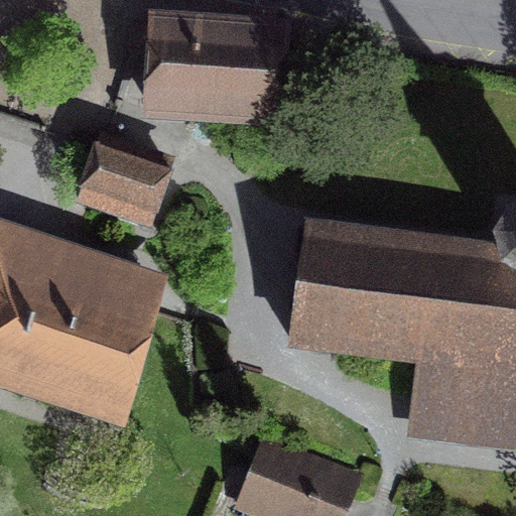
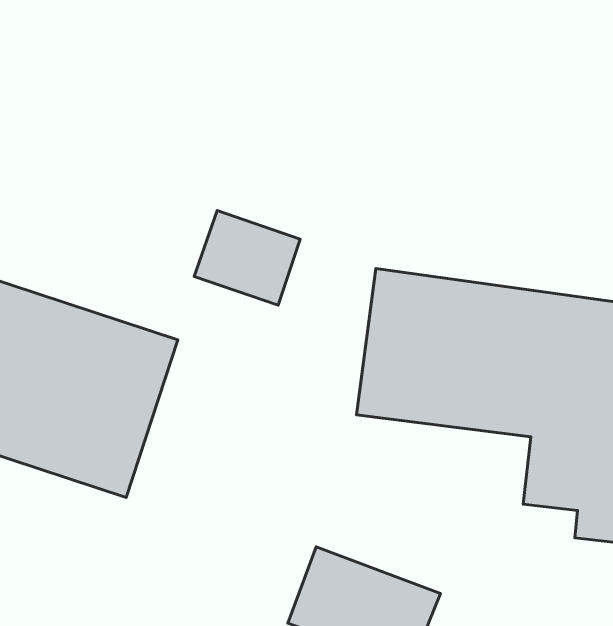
building: [133,29,274,113] -> none
building: [85,144,167,218] -> [194,211,300,305]

